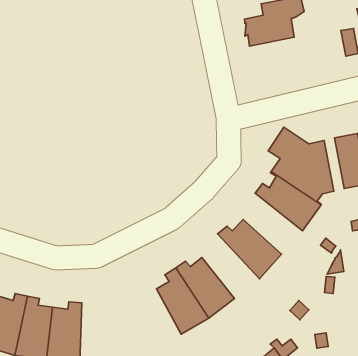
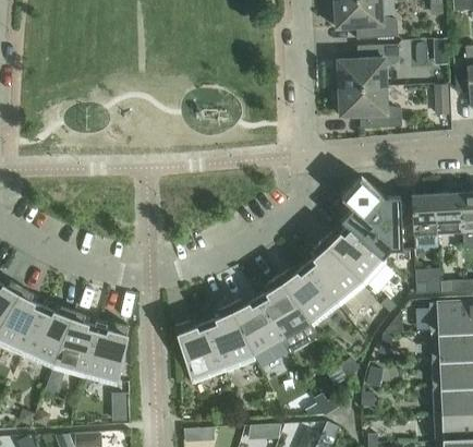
building: none -> [337,86,402,128]
building: none -> [306,240,365,306]
building: none -> [258,276,320,353]
building: none -> [177,321,226,385]

